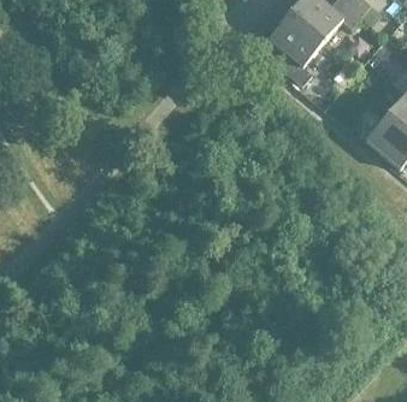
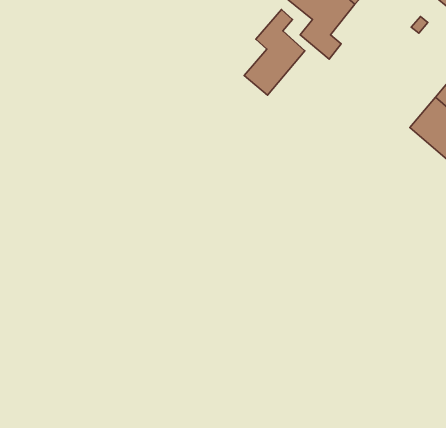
building: none -> [244,9,305,95]

